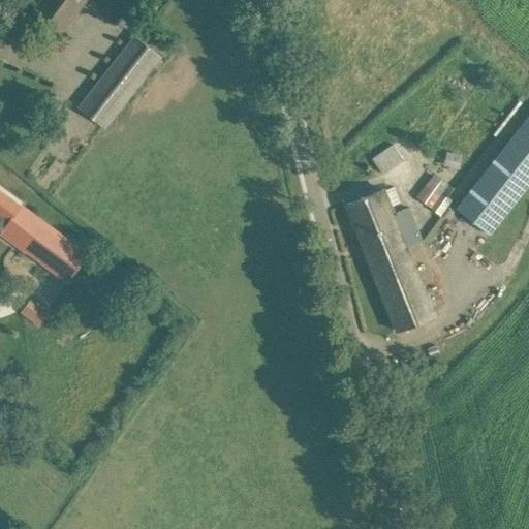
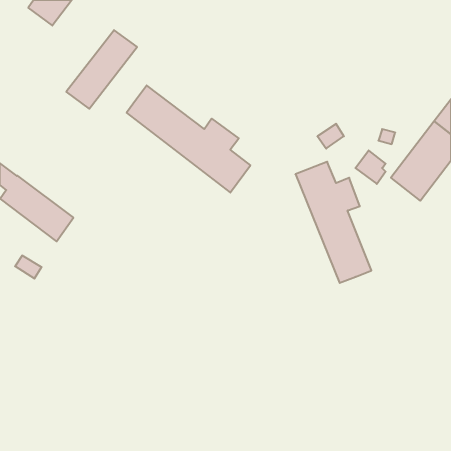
building: none -> [127,85,250,193]

